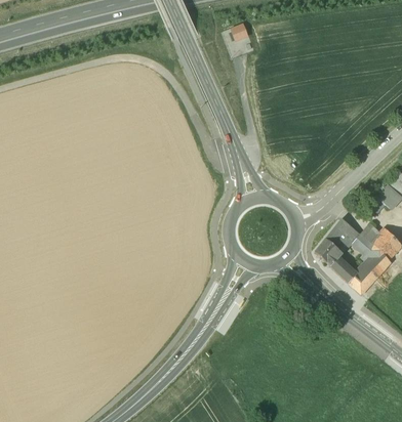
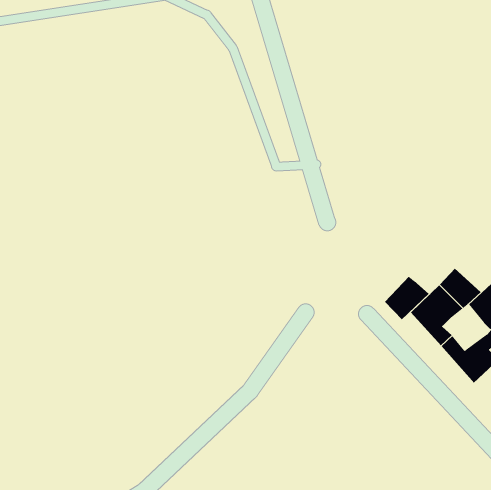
building: none -> [384,276,430,320]

